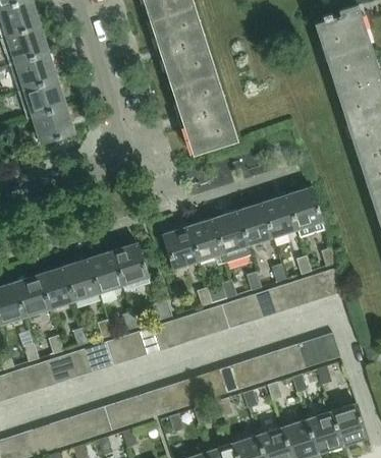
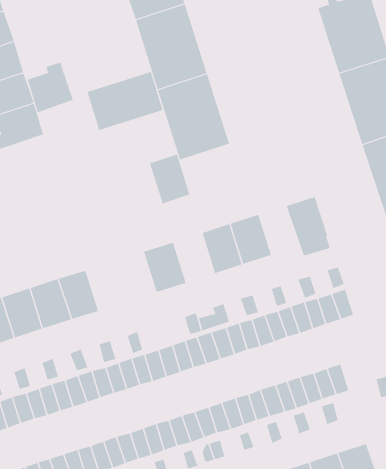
building: none -> [27,62,74,113]
building: none -> [87,71,163,131]
building: [263,194,298,237] -> none
building: [188,218,224,262] -> [149,154,190,204]
building: [112,242,148,286] -> none

